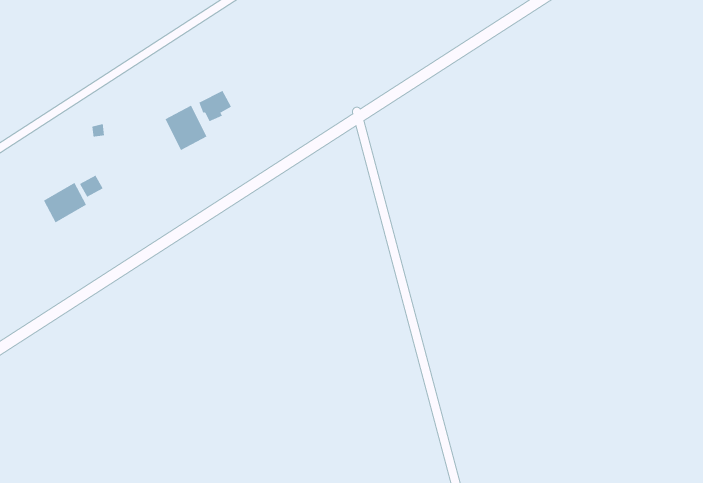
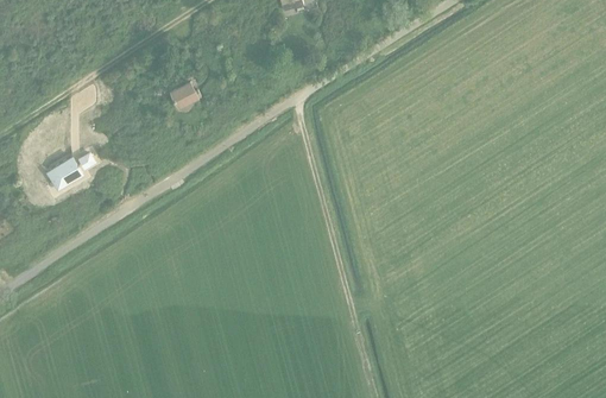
building: [165,105,207,151] -> none

